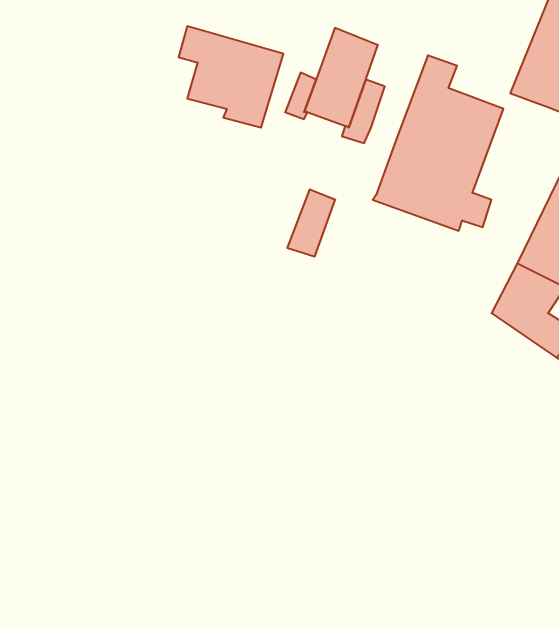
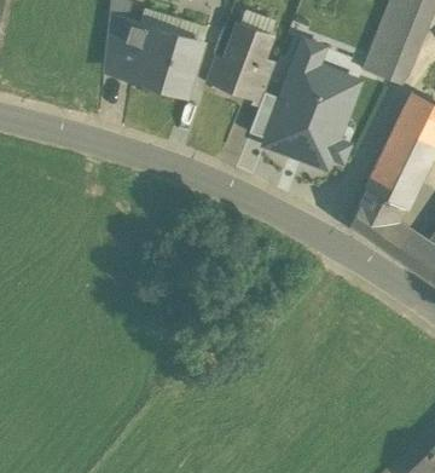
building: none -> [103,13,143,71]
building: [287,189,335,257] -> [249,92,283,139]

